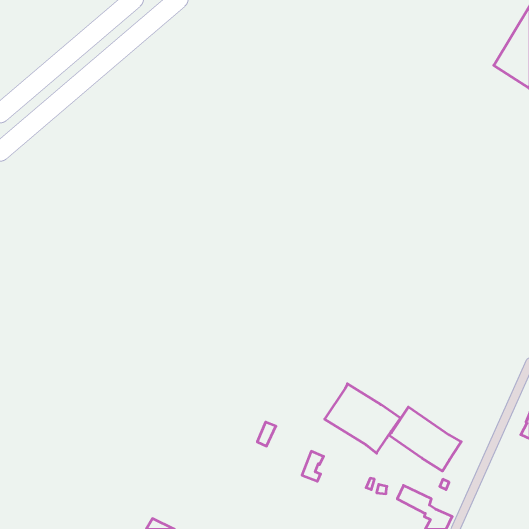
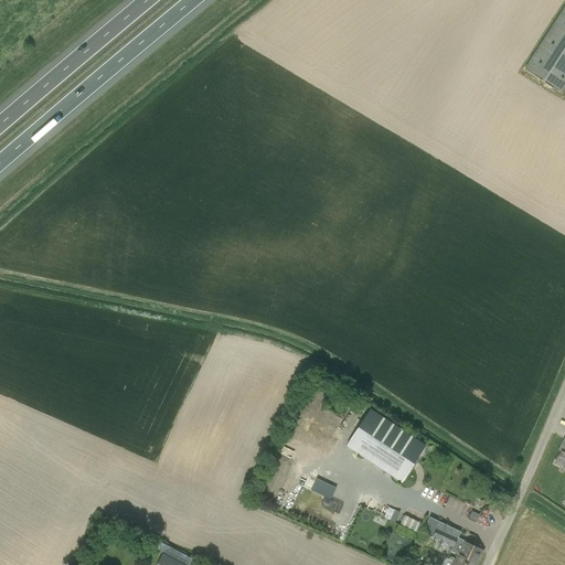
building: [389,407,461,471] -> none

